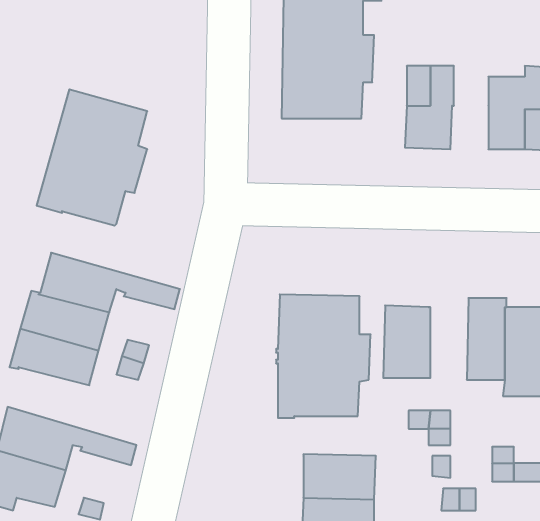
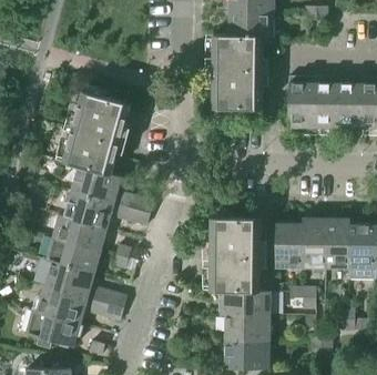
building: none -> [315,77,338,128]
building: none -> [71,165,153,213]
building: none -> [302,219,326,268]
building: none -> [44,261,126,308]
building: none -> [220,291,269,315]

